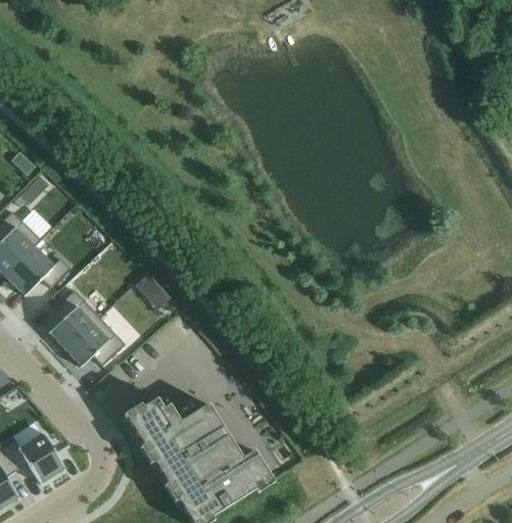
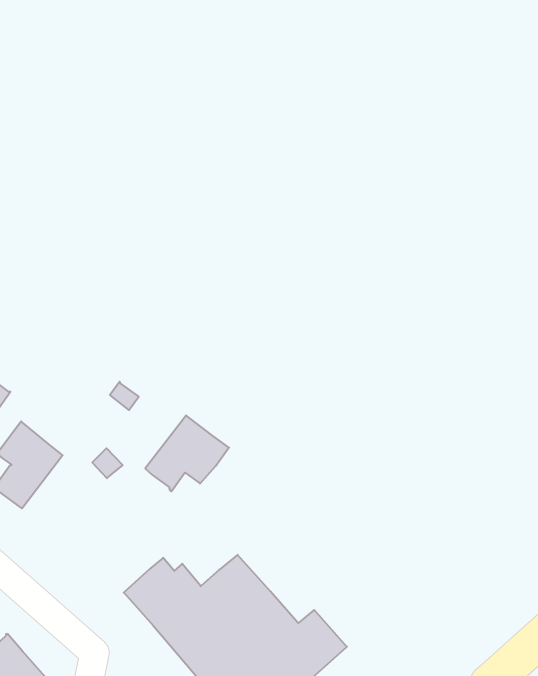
building: [65,317,125,367] -> [145,415,229,491]

